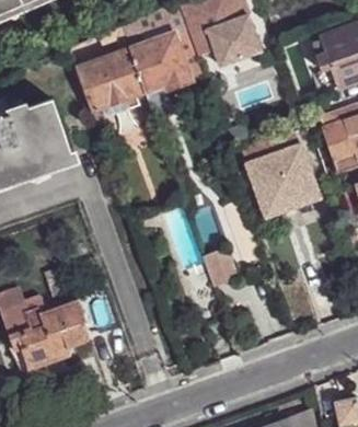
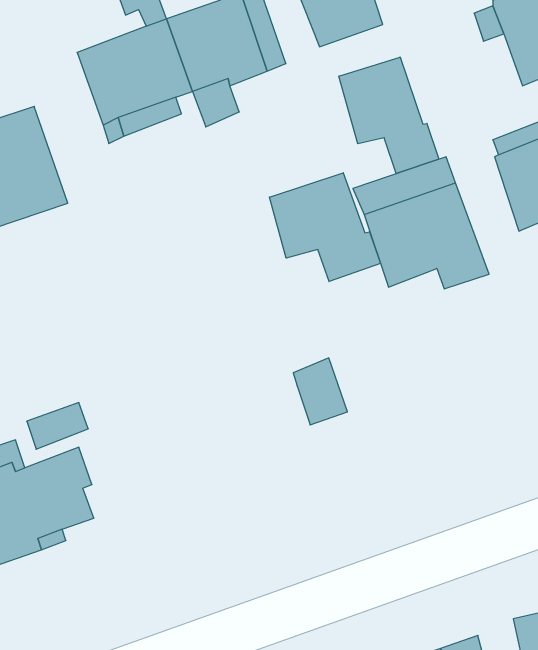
building: none -> [339,57,439,173]
building: none -> [269,173,381,282]

